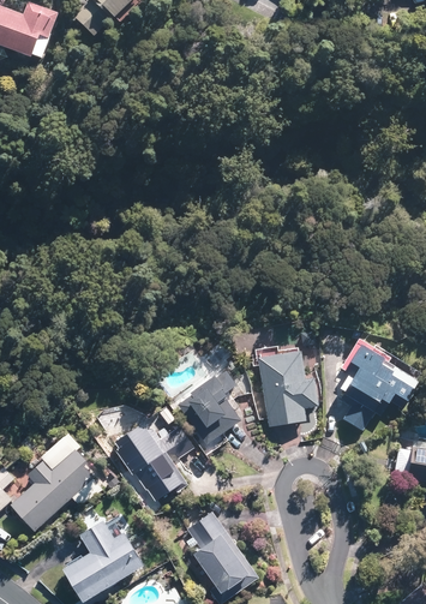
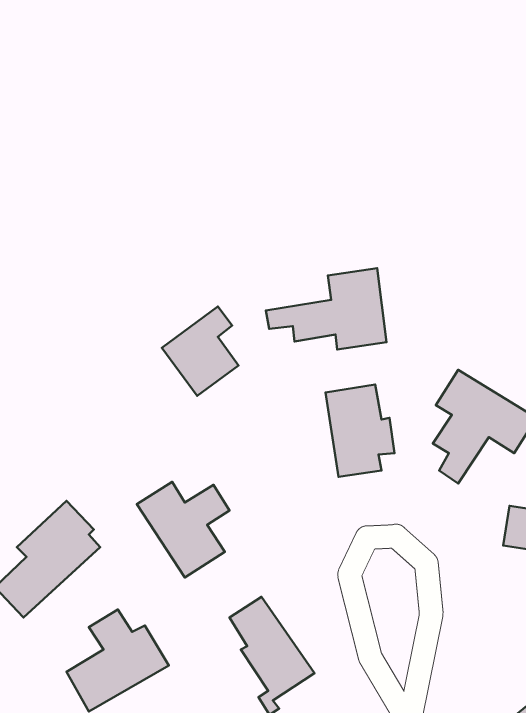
building: none -> [266,268,386,350]
building: [180,372,238,439] -> [162,306,239,396]

